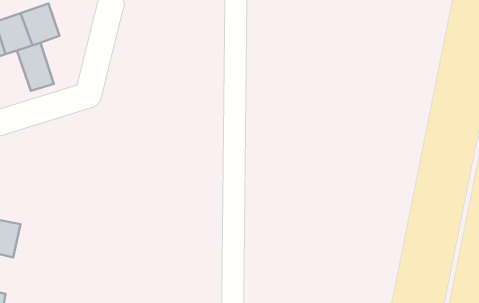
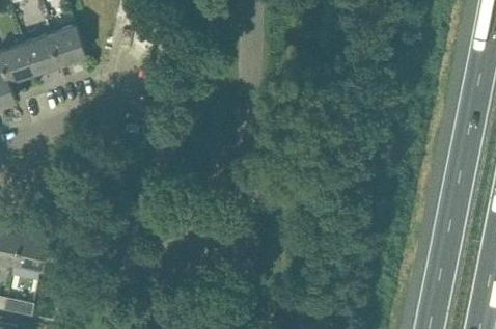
building: [17,43,54,91] -> none

